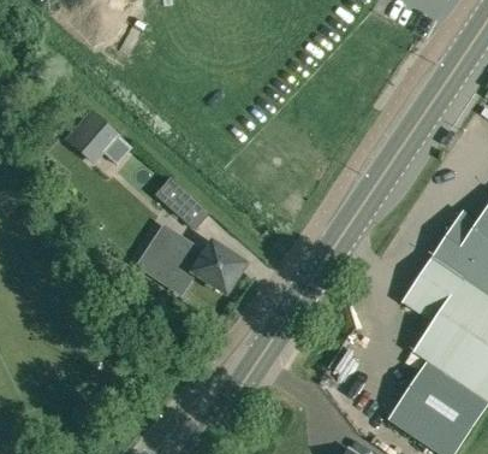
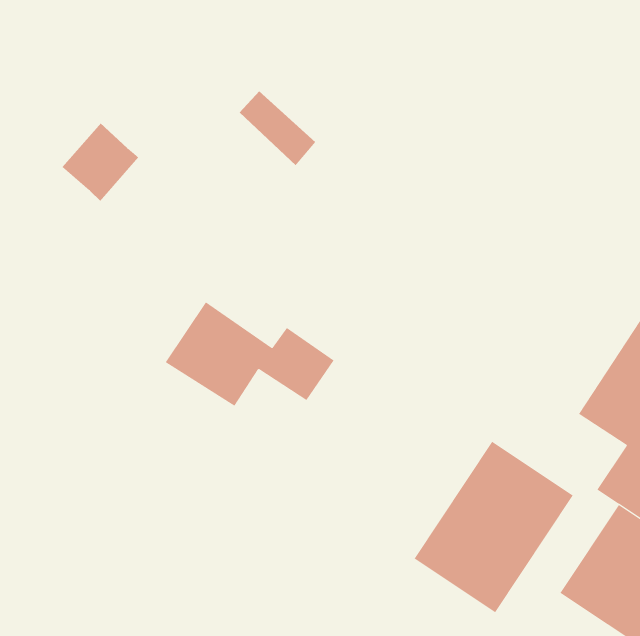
building: [157,181,208,230] -> [239,90,316,166]
building: none -> [414,441,574,613]

